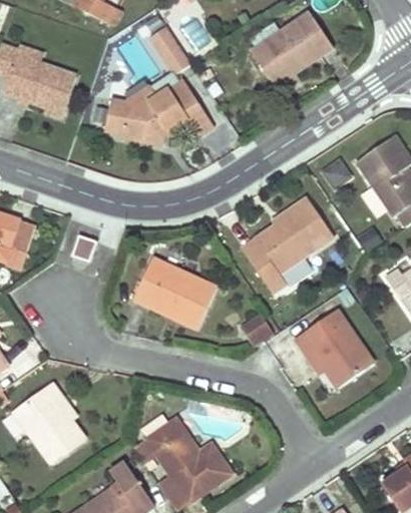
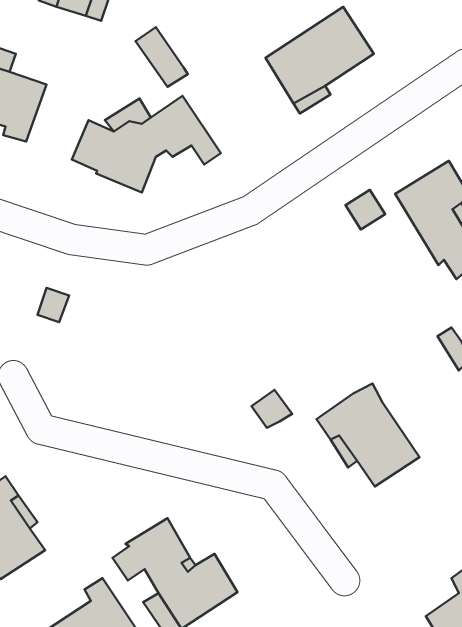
building: [240,198,331,297] -> none
building: [131,258,215,328] -> none

